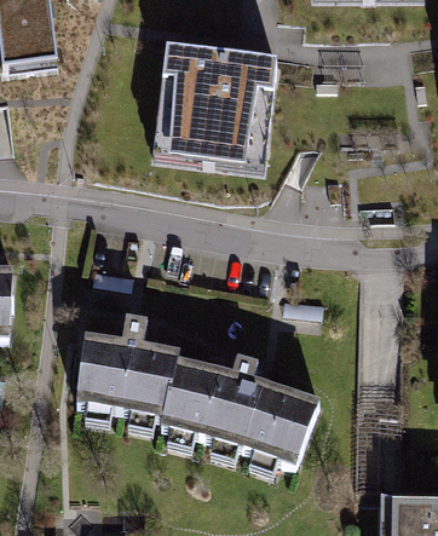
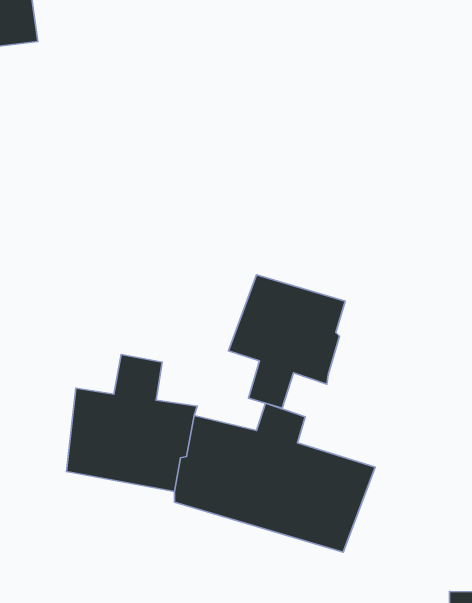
building: [154,45,278,167] -> none
building: none -> [229,275,345,408]

